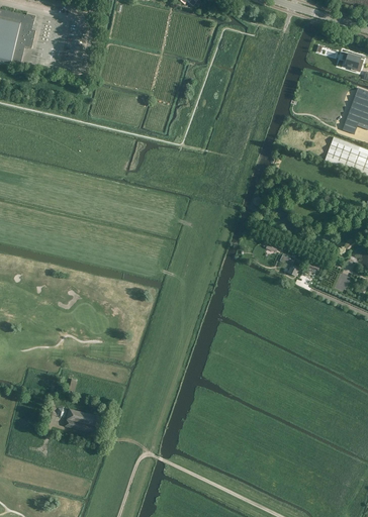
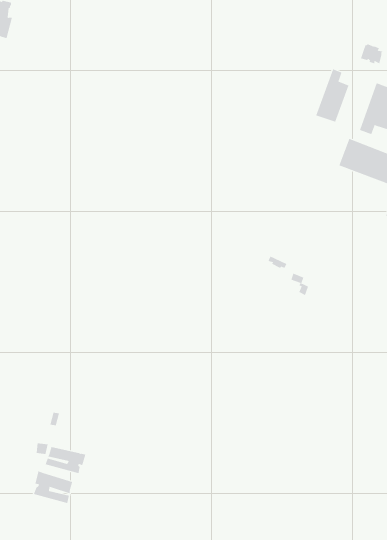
building: none -> [315,69,349,123]
building: none -> [33,470,73,504]

